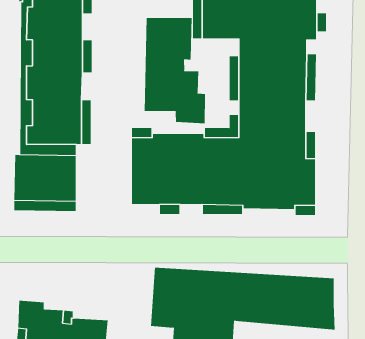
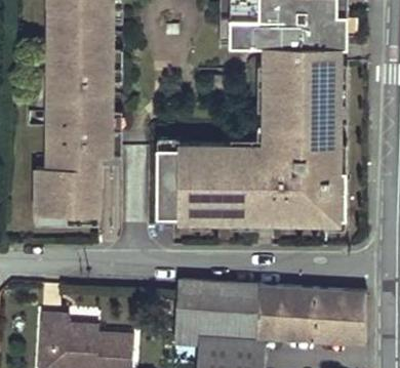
building: [144,17,205,124] -> none

